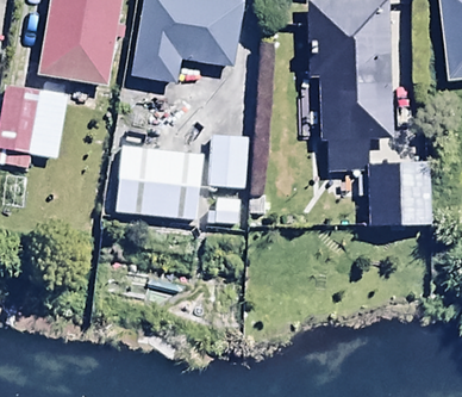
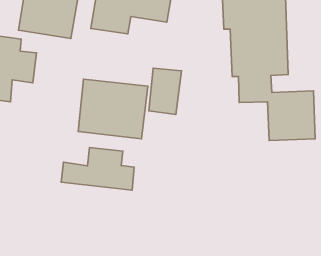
building: none -> [61,147,134,190]

